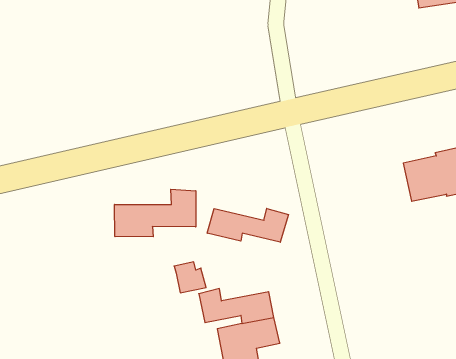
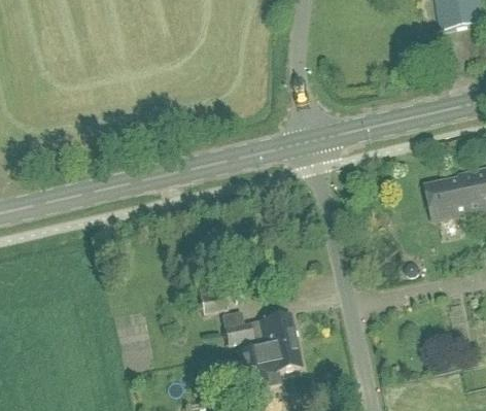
building: [115,189,196,237] -> none
building: [207,208,288,242] -> none

